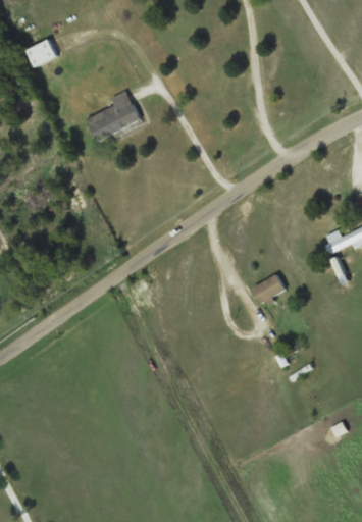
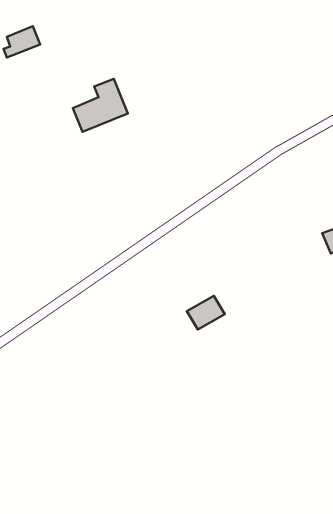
building: [250,273,286,305] -> [187,296,225,329]

